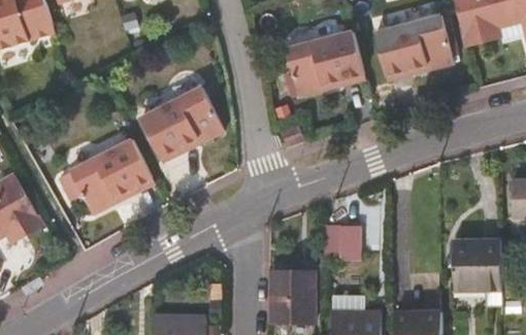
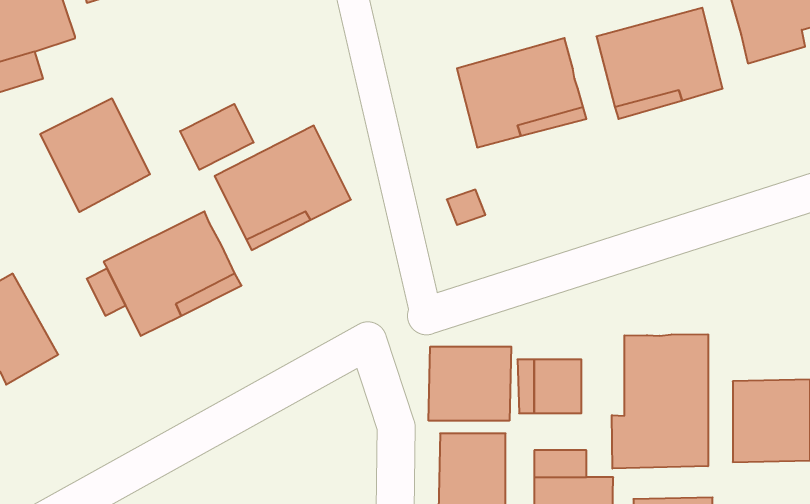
building: none -> [40,98,150,212]
building: none -> [180,104,254,170]
building: none -> [612,334,708,469]
building: none -> [429,347,511,421]

